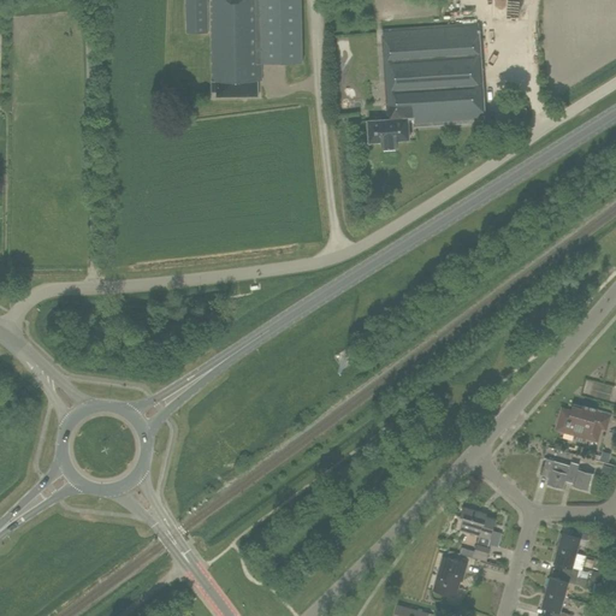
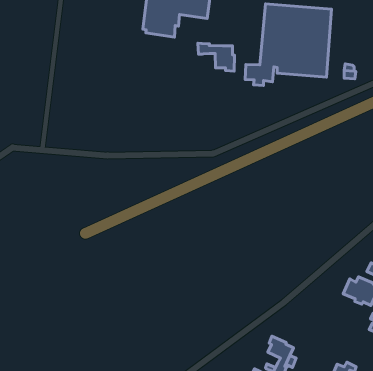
building: none -> [198,43,234,71]
building: [541,457,594,490] -> none

